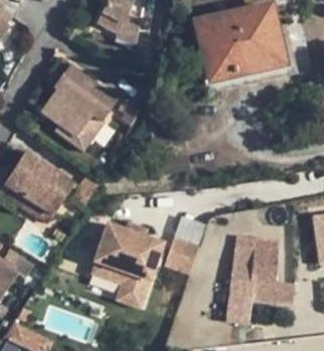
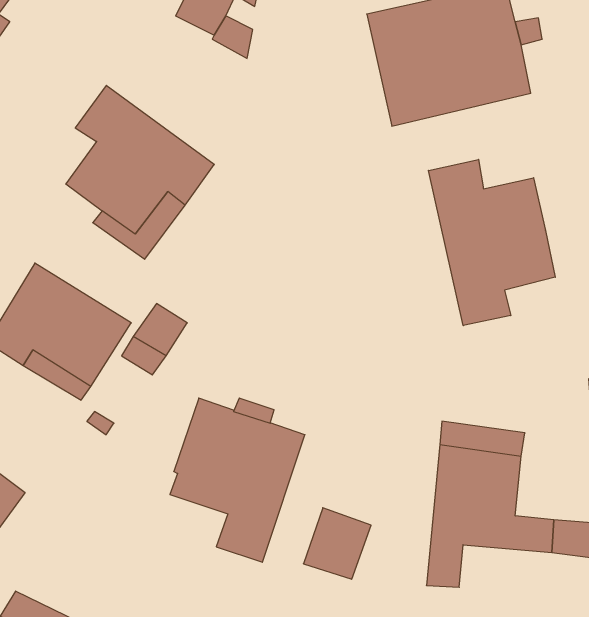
building: none -> [428,159,555,326]
building: [165,236,200,274] -> [303,508,371,579]

